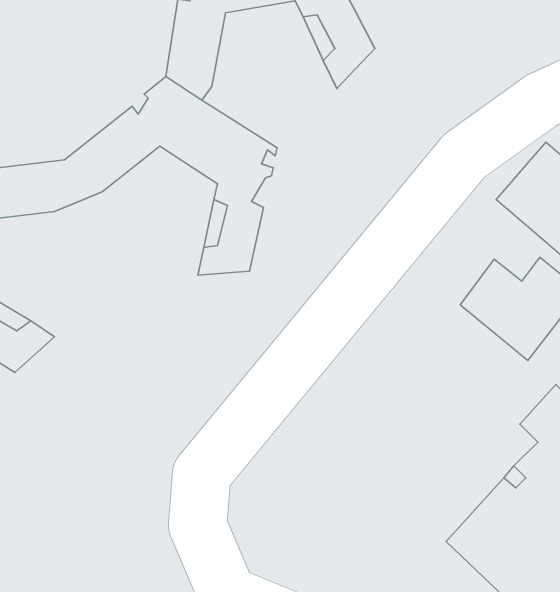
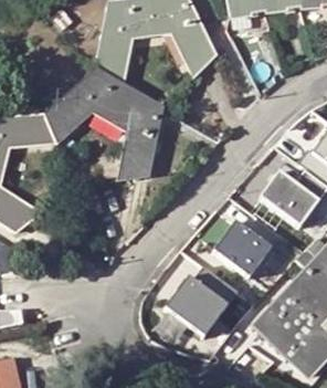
building: none -> [213,221,272,277]
building: none -> [166,265,239,337]

